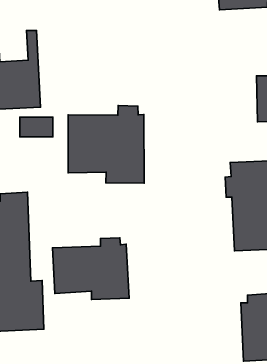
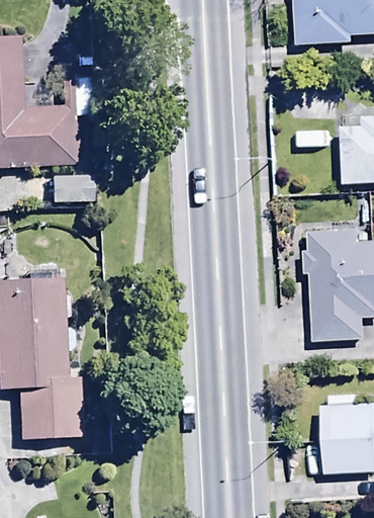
building: [68,106,144,183] -> none
building: [53,238,129,300] -> none

